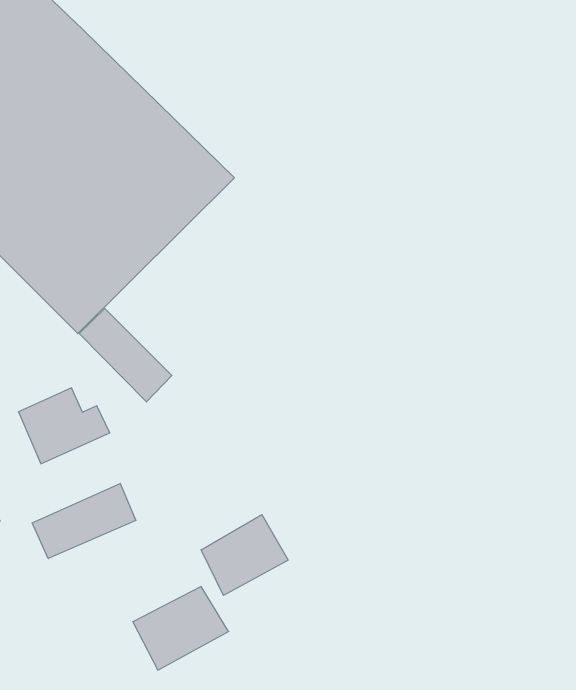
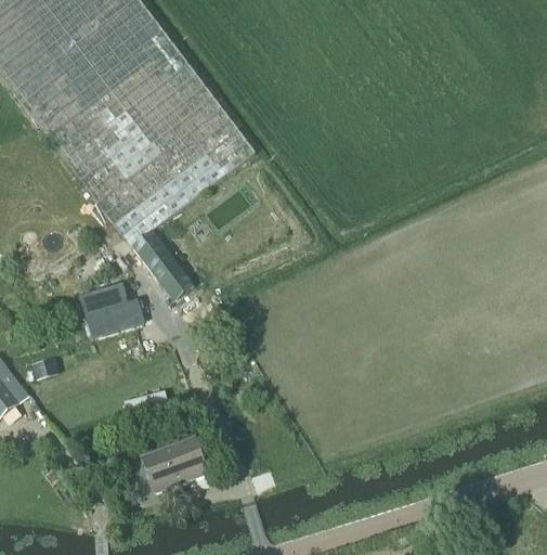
building: [32,483,136,559] -> none
building: [201,515,288,595] -> none

